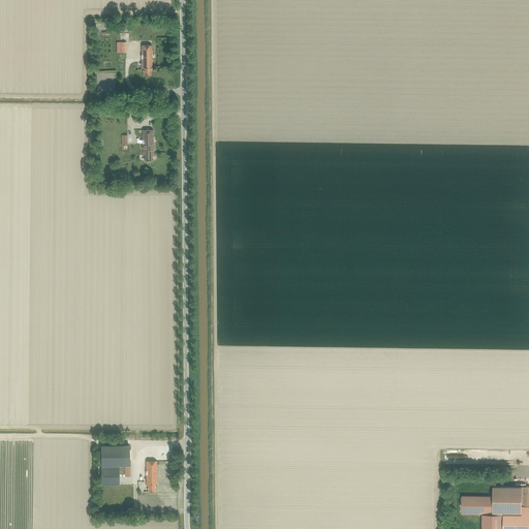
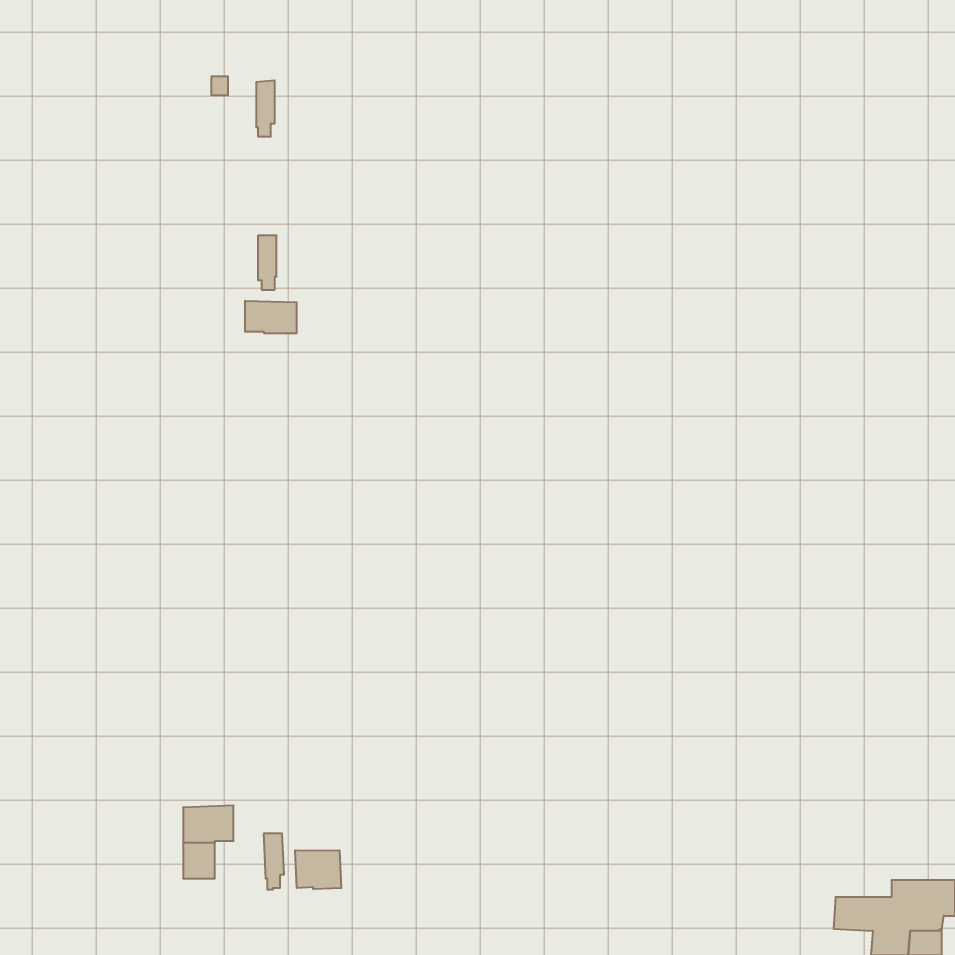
building: none -> [245,301,297,333]
building: none -> [295,850,341,889]

